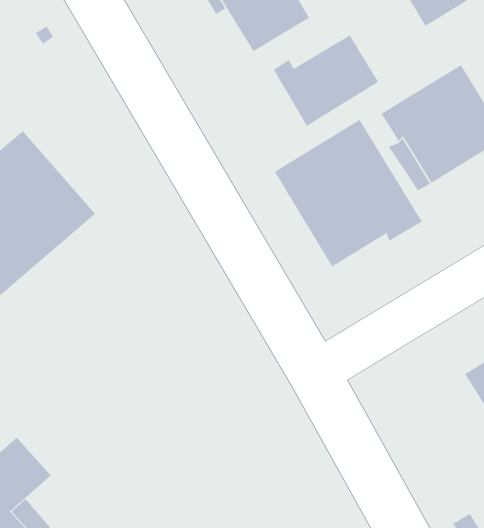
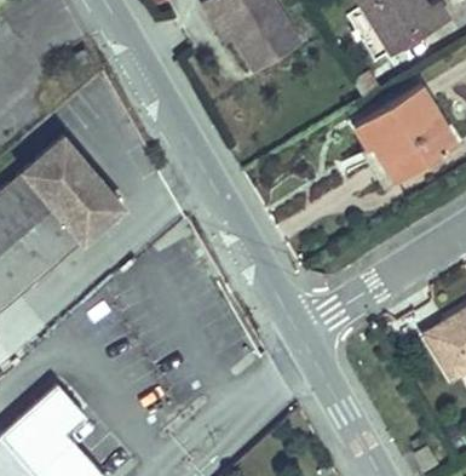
building: [273,34,379,127] -> none
building: [274,119,423,268] -> none

